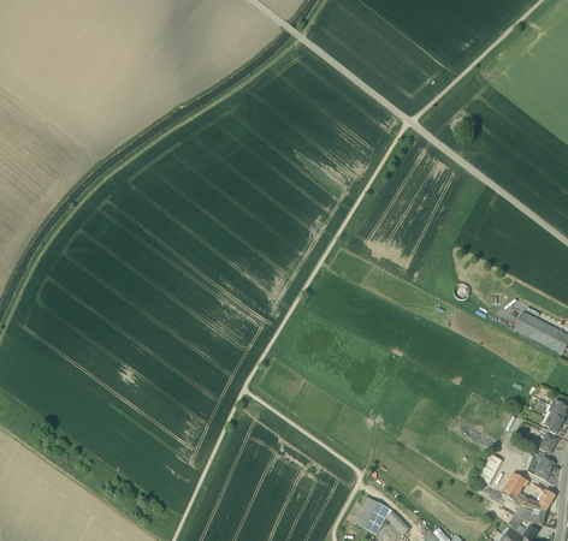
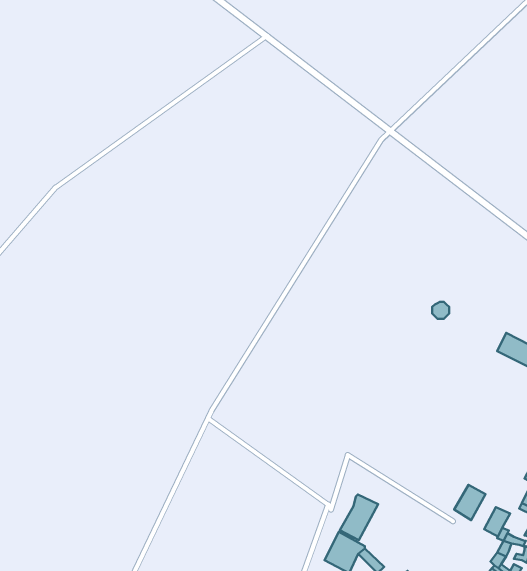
building: none -> [340,494,378,540]

